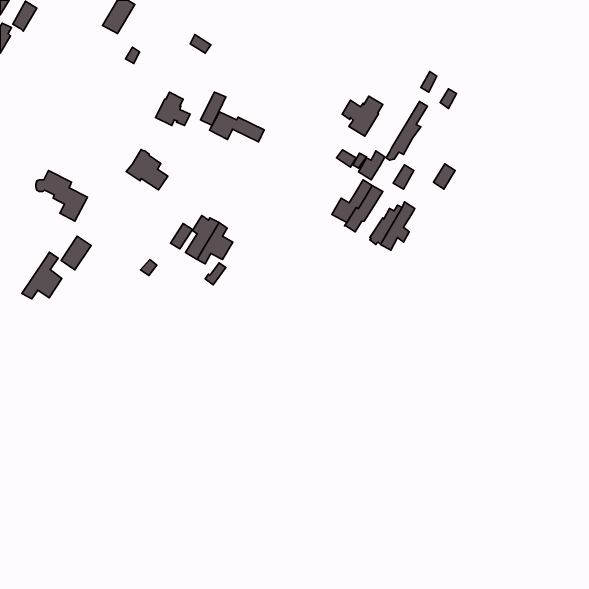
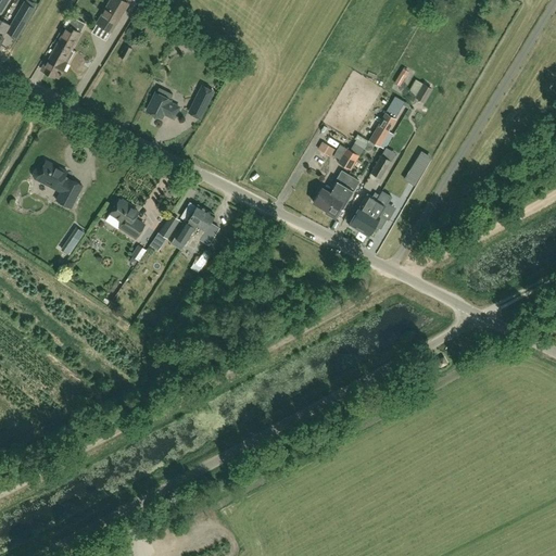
building: none -> [42,16,85,78]
building: [342,96,383,136] -> none
building: [210,112,264,142] -> none
building: [126,150,168,190] -> [105,200,144,238]
building: [22,252,62,299] -> none

